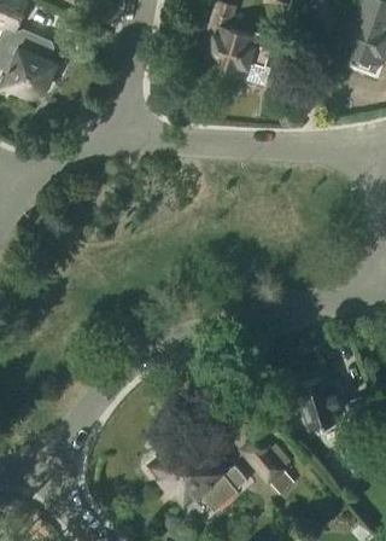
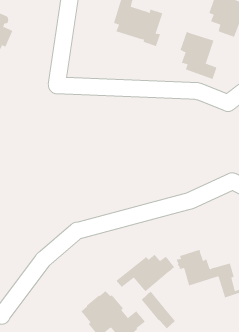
building: none -> [180,31,217,80]
building: none -> [116,254,175,292]

